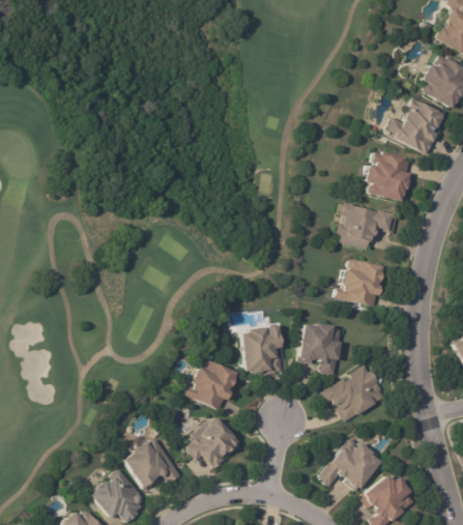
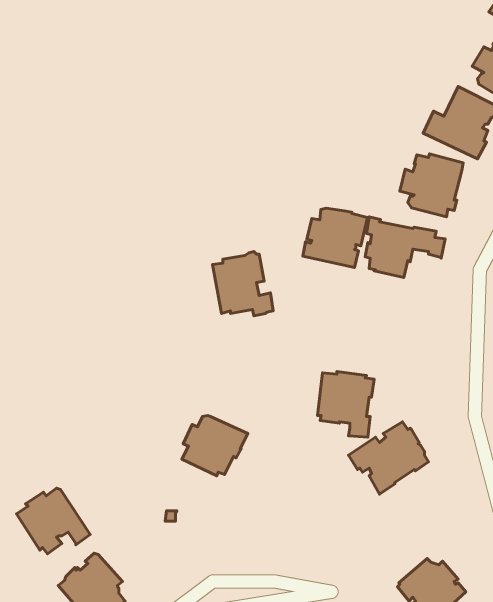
building: [334,260,385,308] -> [303,208,367,268]
building: [242,325,291,377] -> [213,252,273,316]
building: [193,417,242,470] -> none
building: [123,438,182,491] -> [17,488,90,554]
building: [322,439,381,492] -> none

